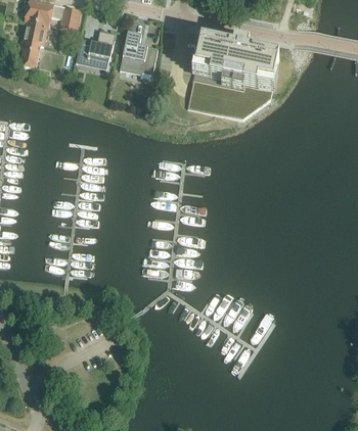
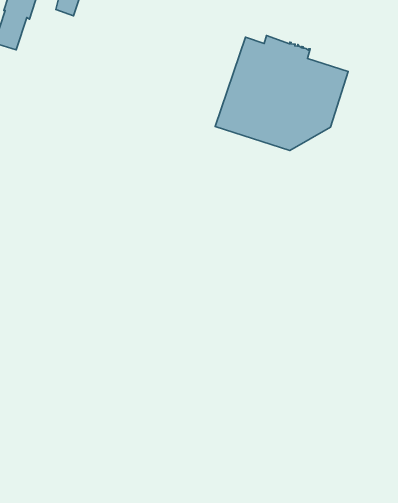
building: [75,30,115,68] -> none
building: [119,31,158,71] -> none

